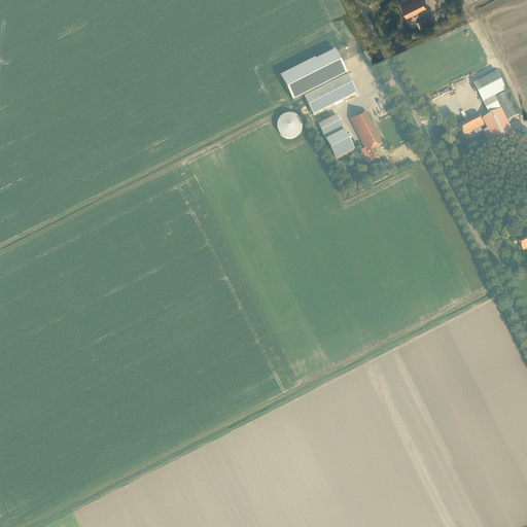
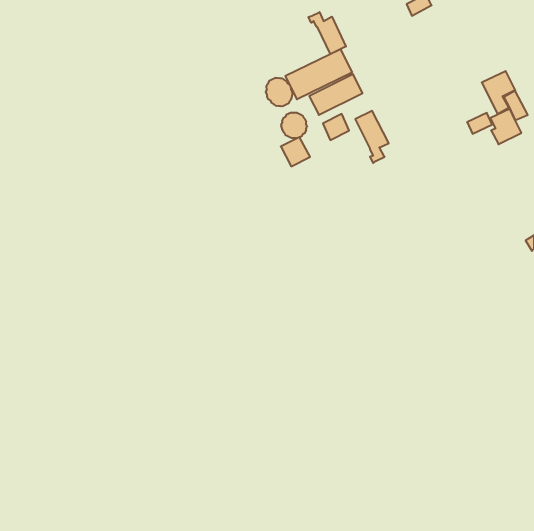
building: none -> [308,12,346,54]
building: none -> [266,78,292,106]
building: [325,129,354,157] -> [281,137,310,166]

